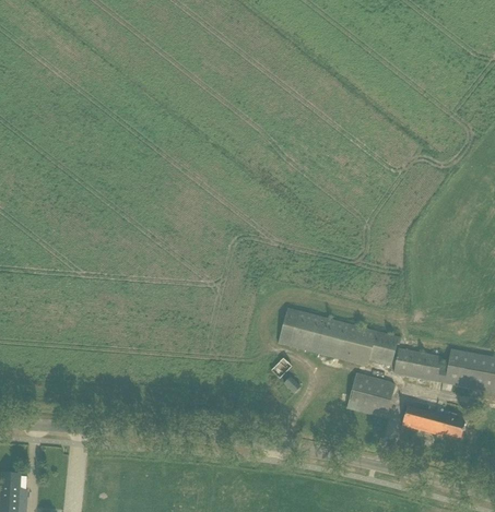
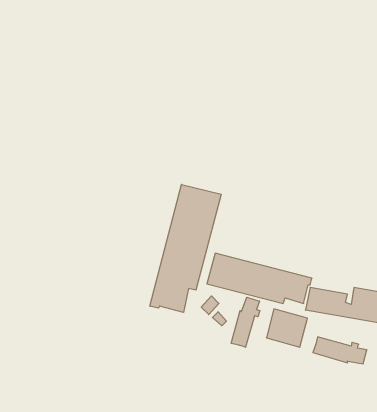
building: none -> [150,184,221,312]
building: none -> [231,297,260,347]

